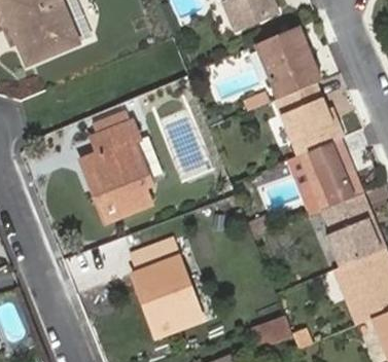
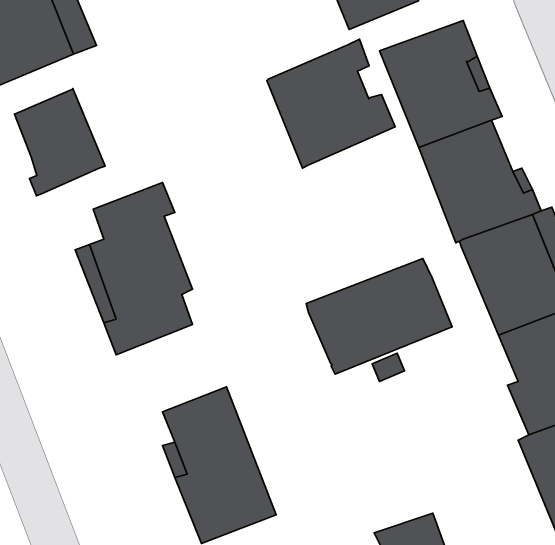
building: none -> [267,39,395,168]
building: none -> [14,89,105,196]
building: none -> [306,259,452,374]

